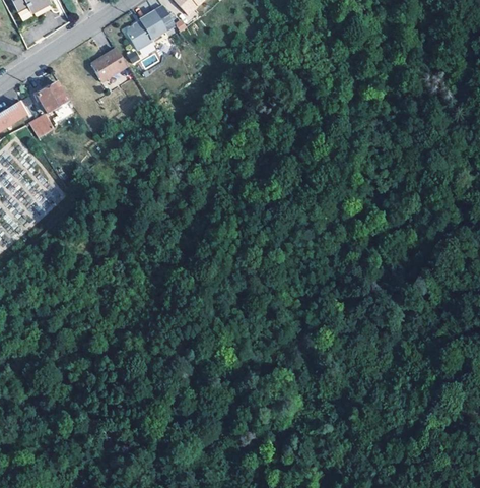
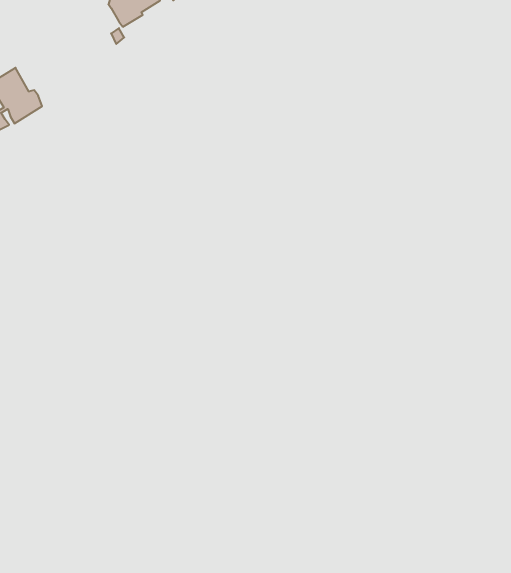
building: [91,49,127,81] -> none

